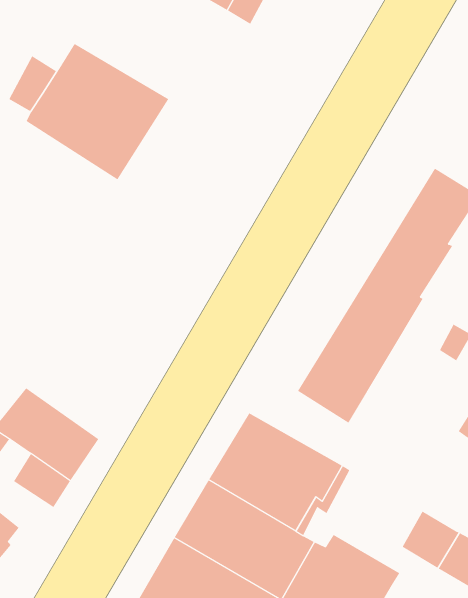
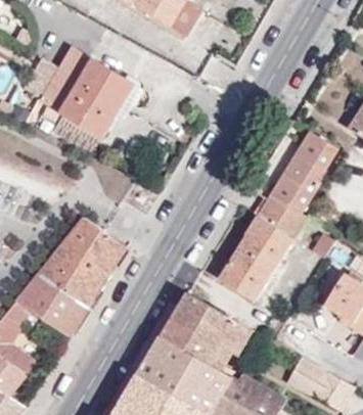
building: none -> [40,219,126,309]

